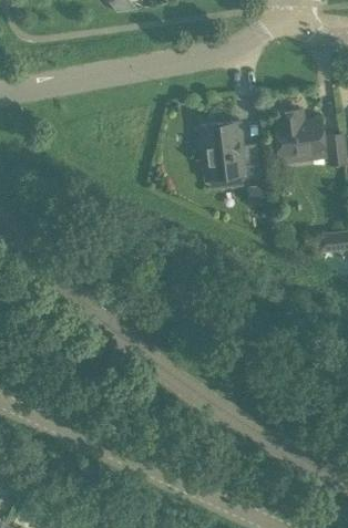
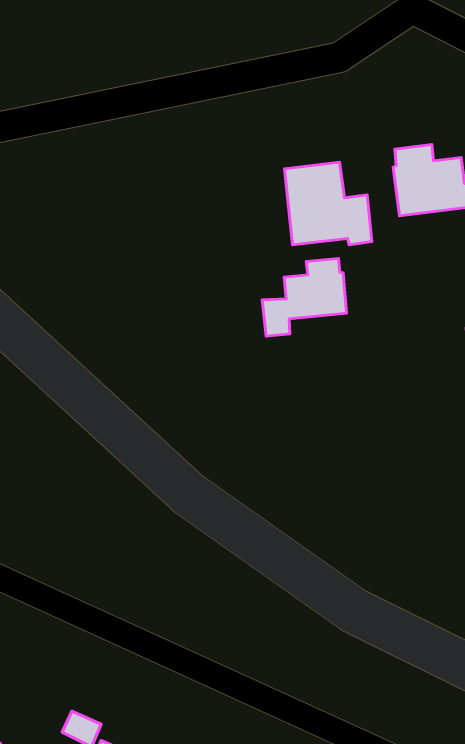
building: none -> [262,259,346,336]

